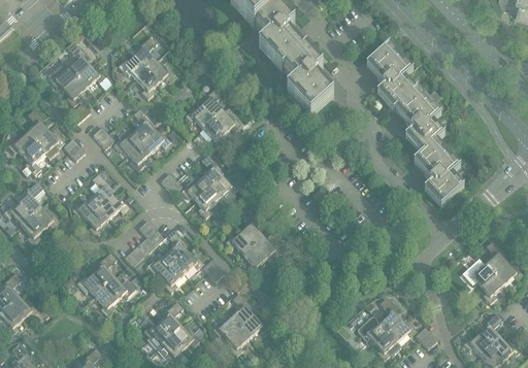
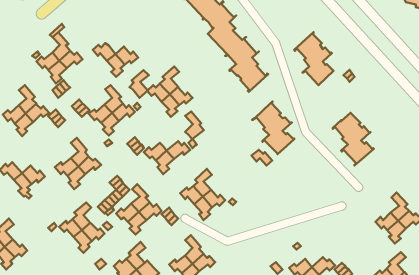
building: [133,35,157,69] -> [129,70,149,98]
building: [392,87,443,152] -> [252,101,294,154]
building: [200,154,223,188] -> [185,112,204,139]
building: [19,181,42,215] -> none
building: [378,296,400,331] -> none

